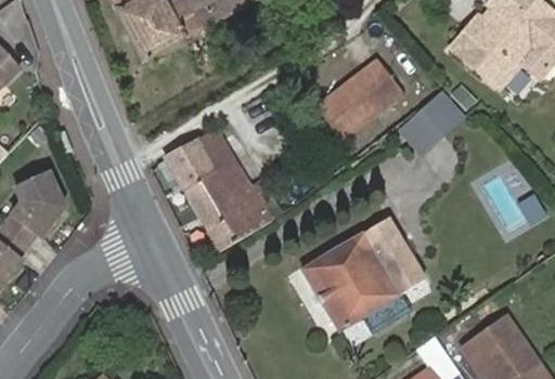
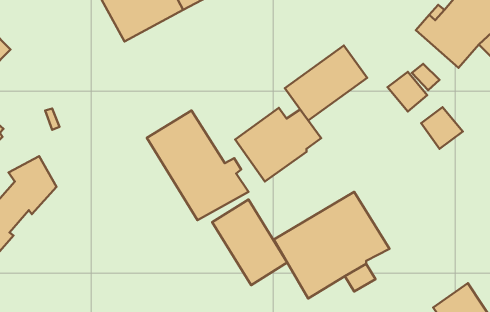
building: [400,105,444,149] -> [421,107,463,149]
building: none -> [235,108,321,181]
building: none -> [212,200,287,285]

